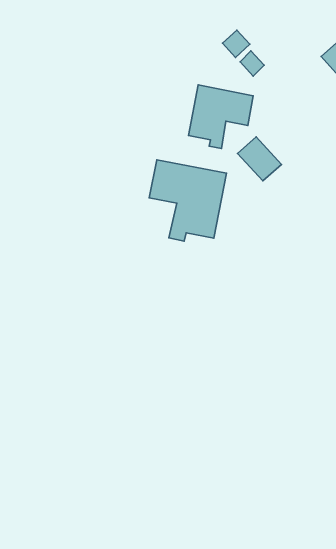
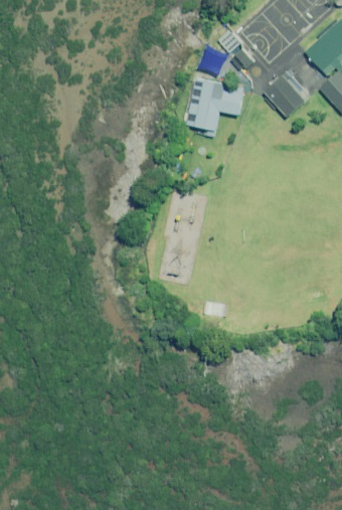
building: [238,137,281,181] -> [265,76,305,117]
building: [149,160,227,241] -> none

